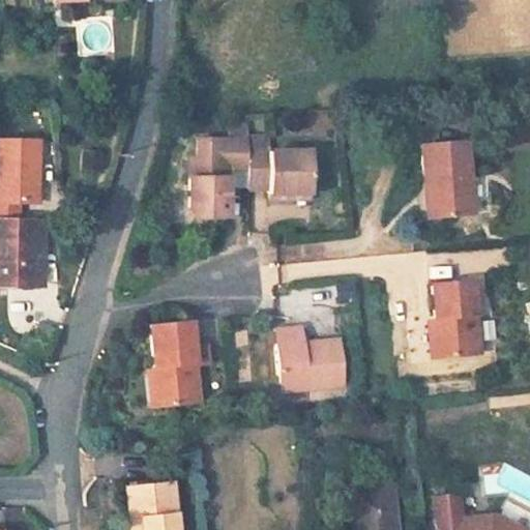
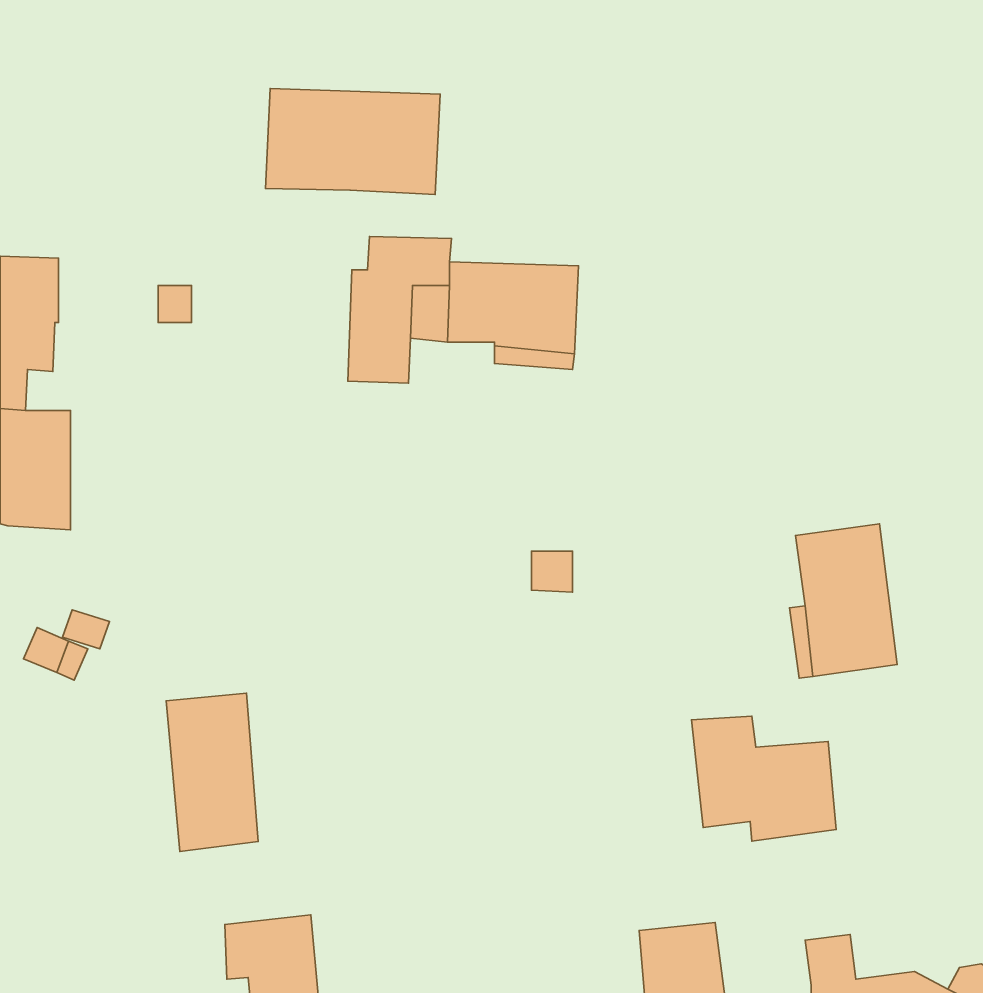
building: none -> [265,88,440,194]
building: [421,140,475,219] -> none
building: [274,324,351,390] -> [691,716,836,841]
building: [155,327,204,411] -> [166,693,258,851]

